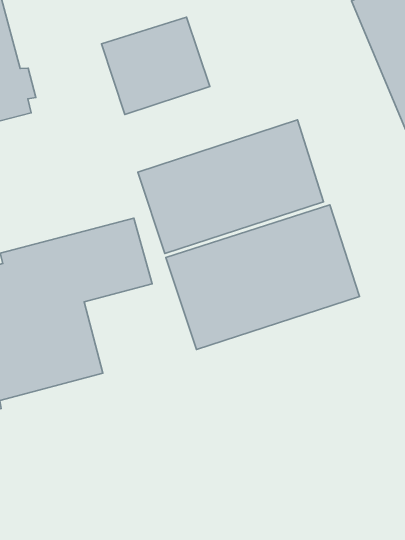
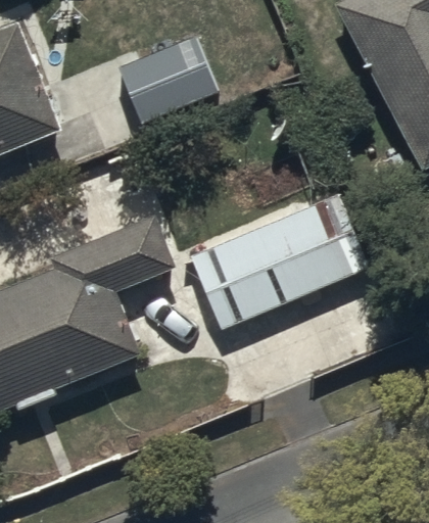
building: [138,120,323,253] -> none

